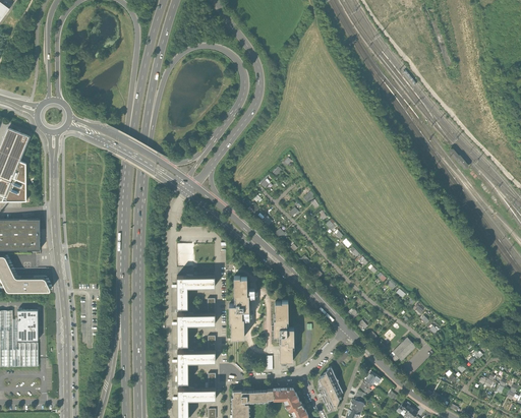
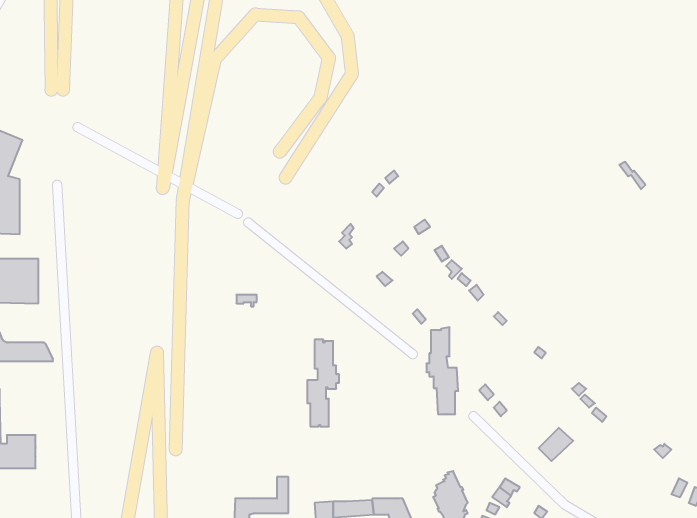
building: [176,277,214,308] -> none
building: [271,301,293,362] -> [426,327,458,414]
building: [16,310,37,341] -> none
building: [176,314,214,346] -> none
building: [176,351,215,382] -> none

